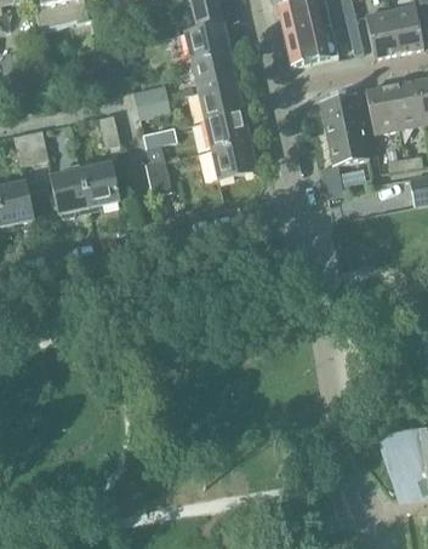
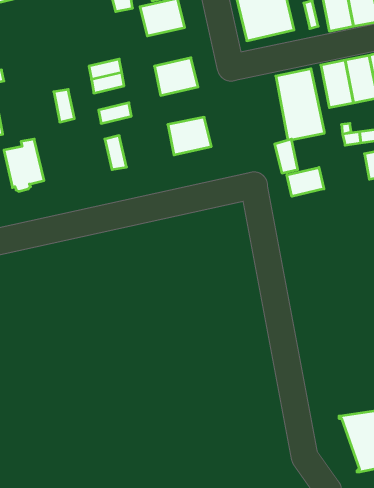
building: [192,52,235,91] -> none
building: [205,111,249,149] -> none
building: [79,160,119,205] -> none
building: none -> [287,167,324,196]

